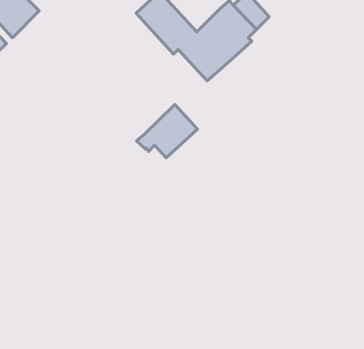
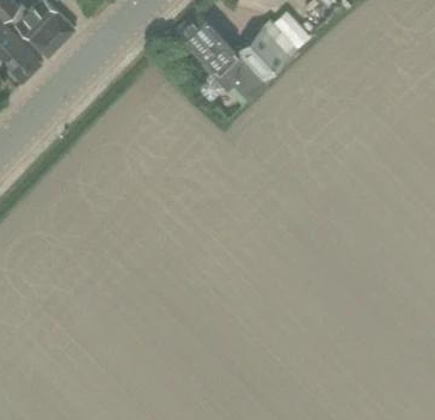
building: [136,105,197,158] -> none

